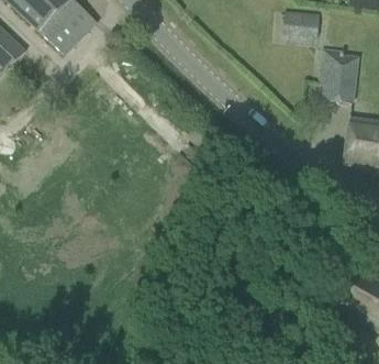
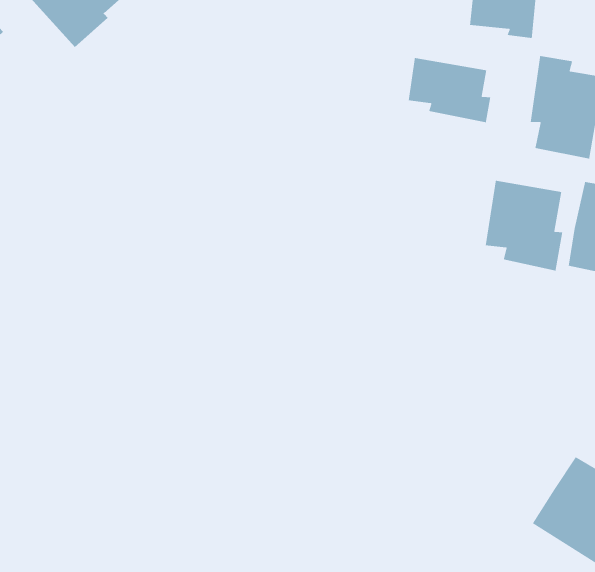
building: none -> [408,57,491,123]
building: none -> [485,180,563,272]

